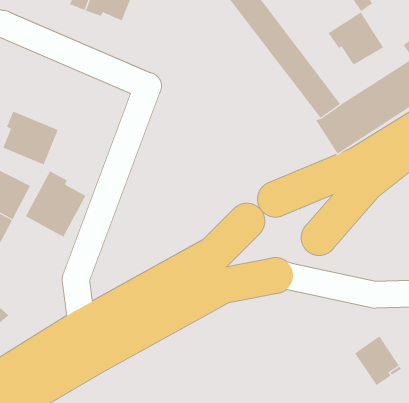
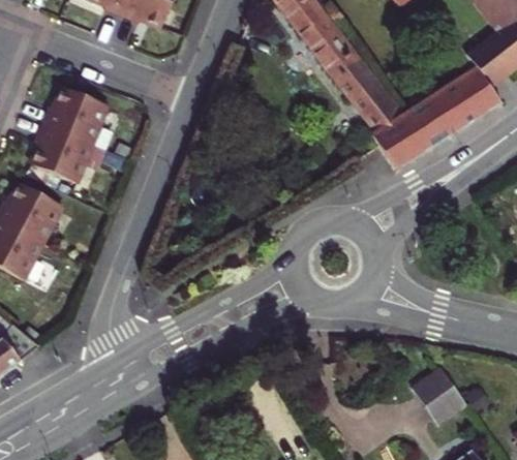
building: [328,11,384,65] -> none
building: none -> [42,88,108,145]
building: [25,170,86,238] -> none

